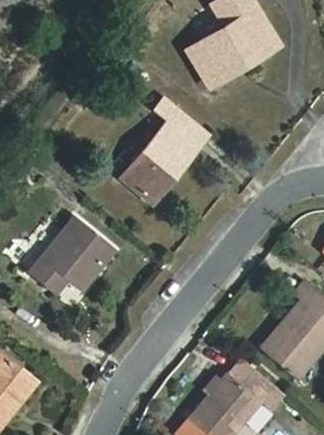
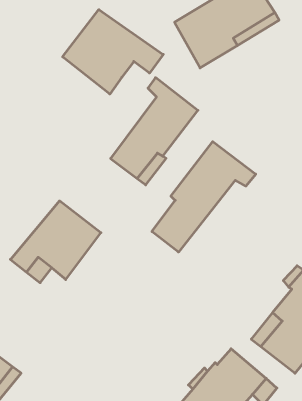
building: none -> [63,10,163,94]
building: none -> [152,142,256,252]

